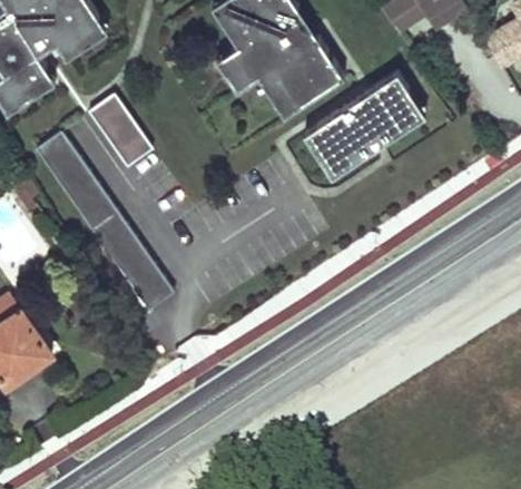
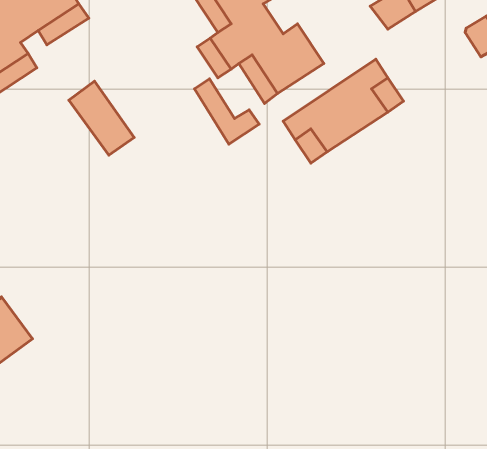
building: none -> [194,79,259,144]
building: [37,133,174,310] -> none

